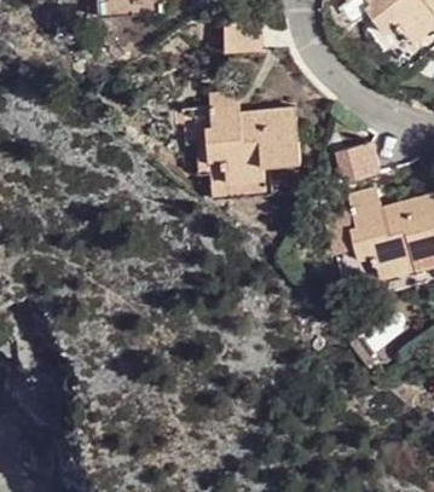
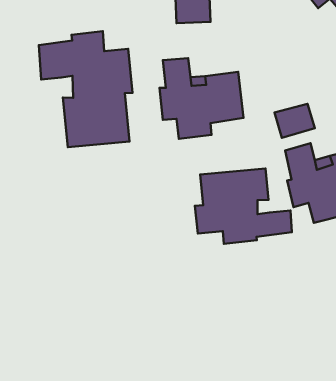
building: none -> [39,31,133,147]
building: none -> [195,168,292,244]

